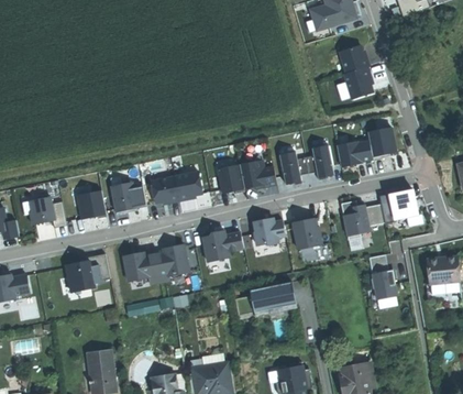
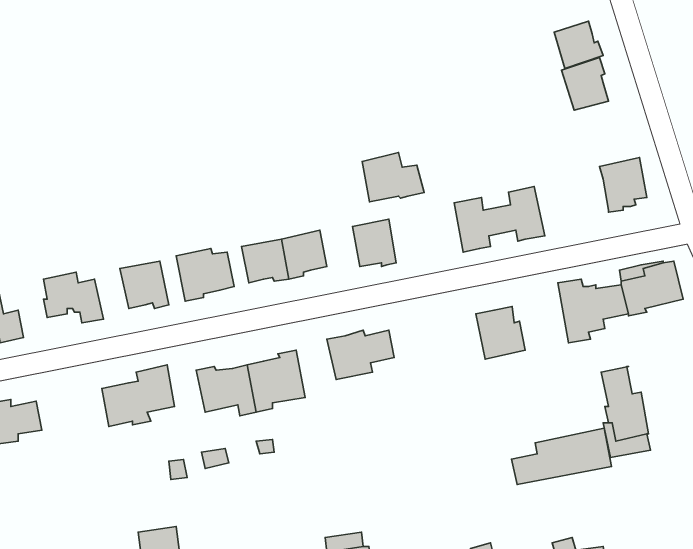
building: [337,141,373,167] -> none
building: [240,160,277,189] -> [362,153,424,202]
building: [254,219,286,245] -> none
building: [235,281,296,315] -> [512,428,612,485]

